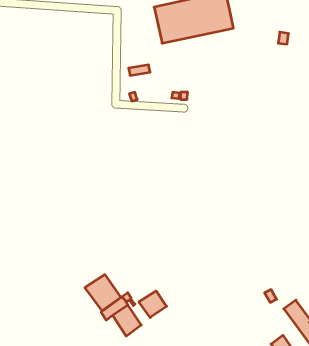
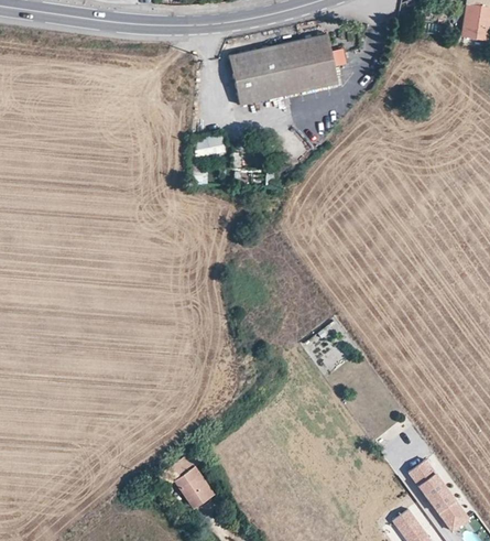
building: [85,275,121,311] -> none
building: [139,291,167,318] -> none

